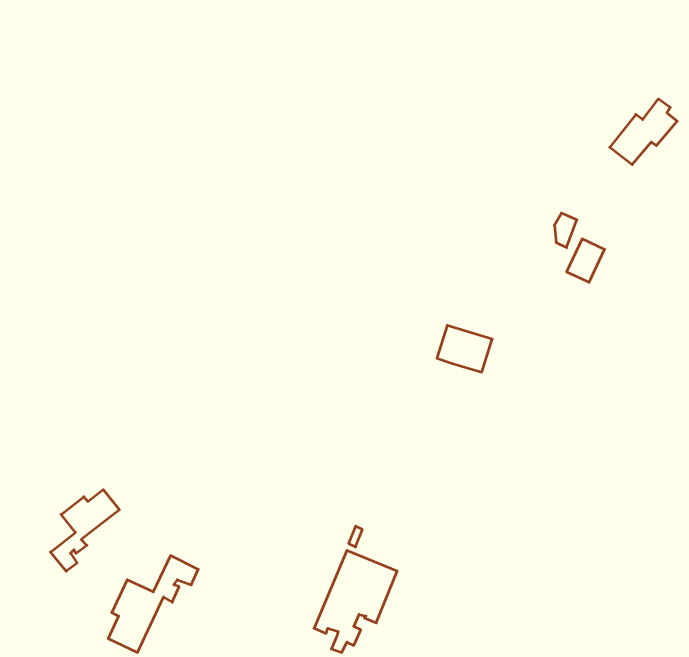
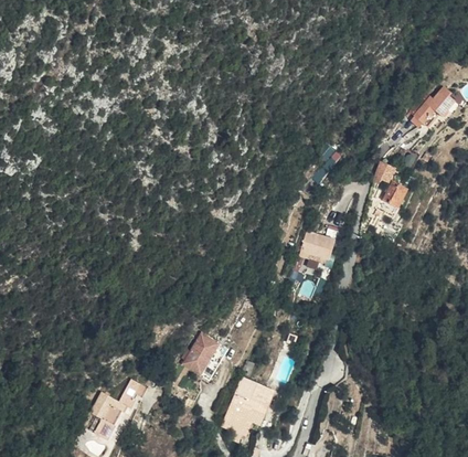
building: none -> [179,331,220,376]
building: [50,490,119,571] -> none

